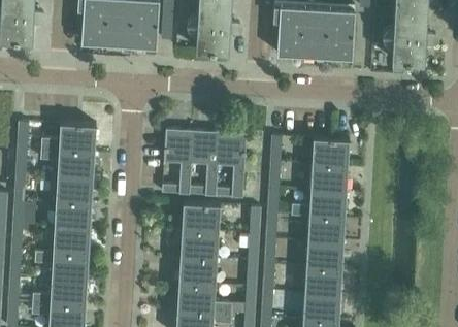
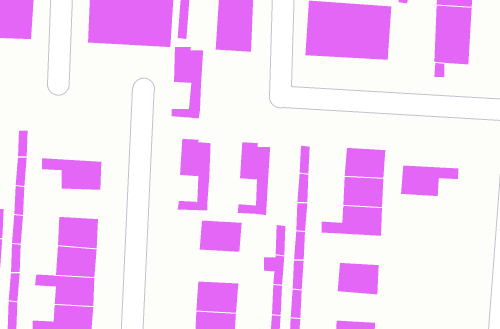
building: [39,125,95,152] -> none
building: [189,133,219,198] -> [171,46,204,119]
building: none -> [401,165,459,197]
building: [55,176,93,203] -> none
building: [306,217,345,244] -> none
building: [179,231,218,261] -> none
building: [303,268,341,296] -> none

